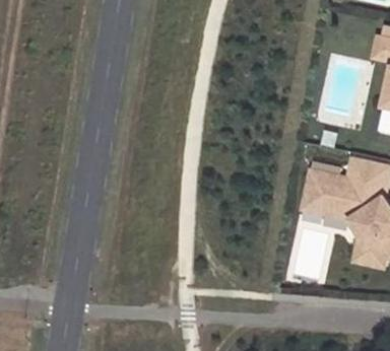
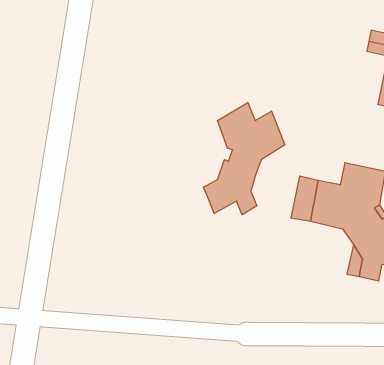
building: none -> [203,102,285,215]

